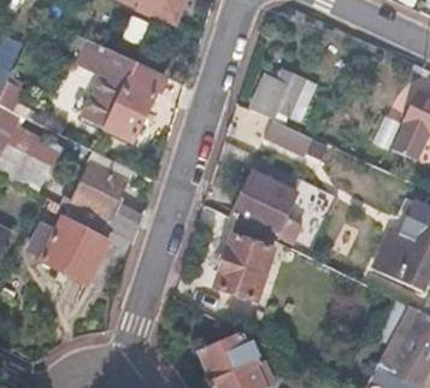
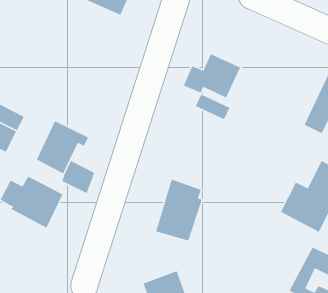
building: [77,39,161,140] -> none
building: [232,170,298,235] -> none

